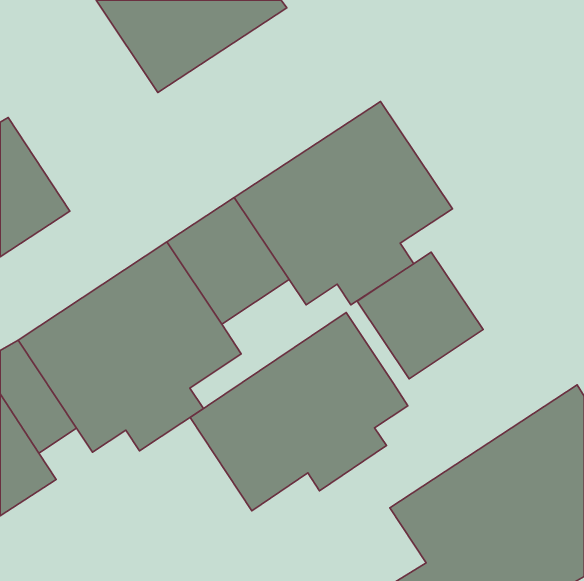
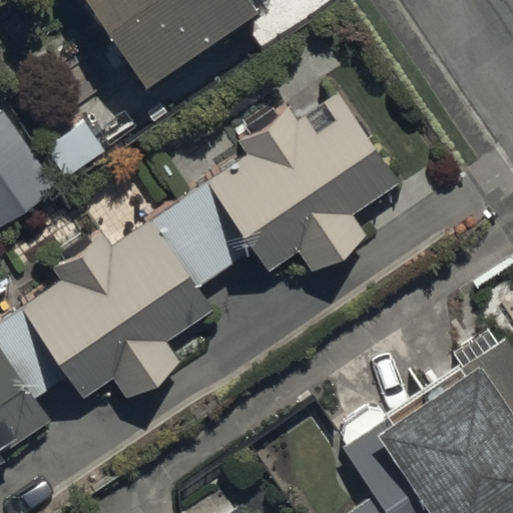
building: [357,252,483,379] -> none
building: [190,313,408,511] -> none

